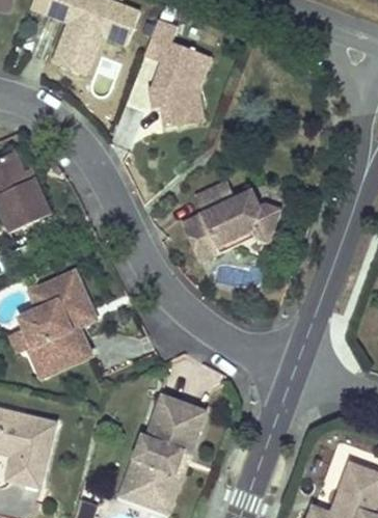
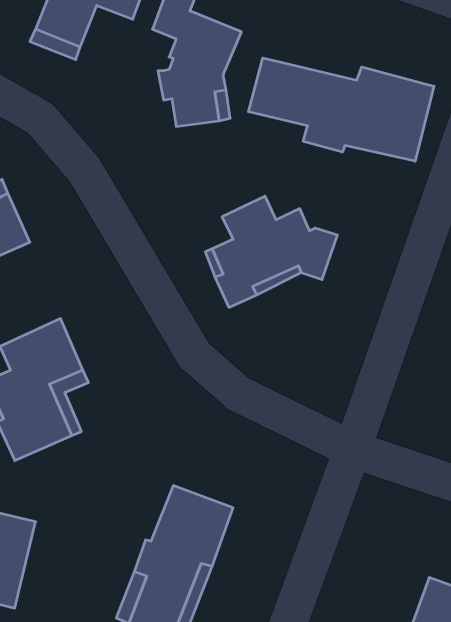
building: none -> [248,58,434,161]

